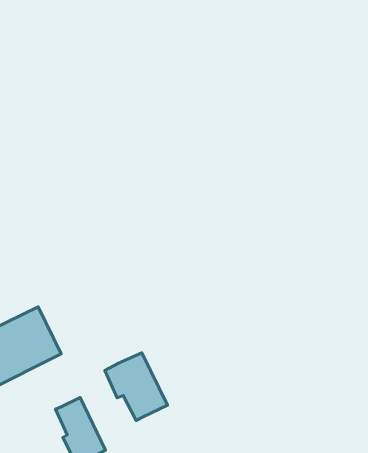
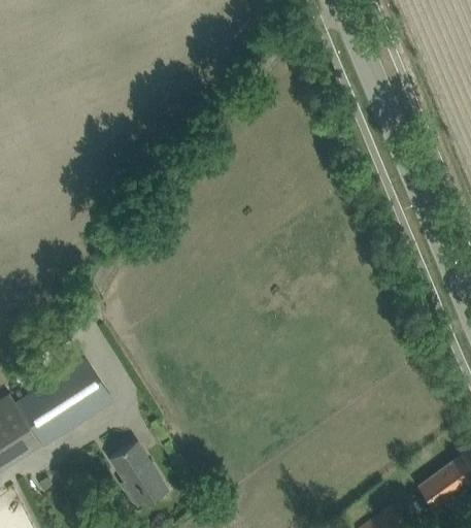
building: [105,353,167,420] -> none

